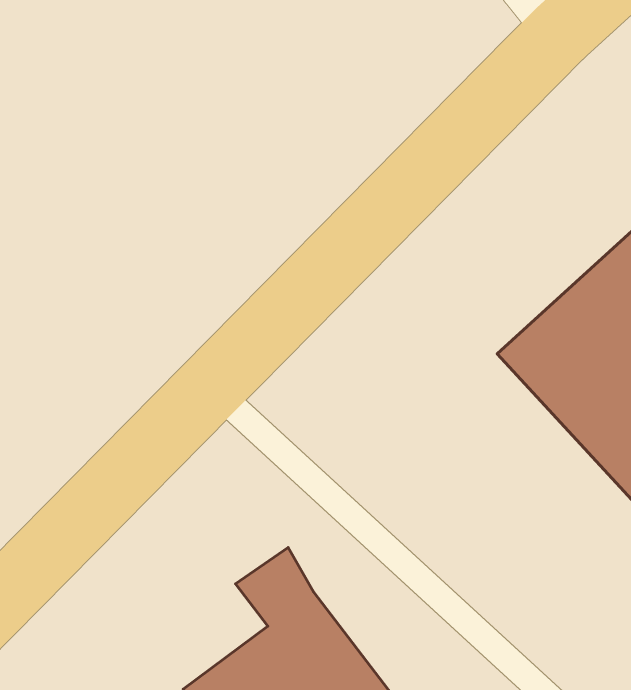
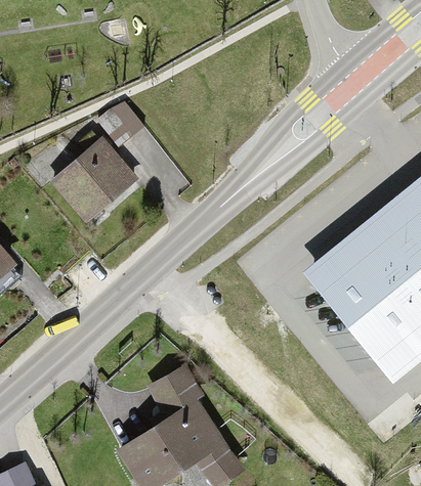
building: none -> [53,142,132,219]

